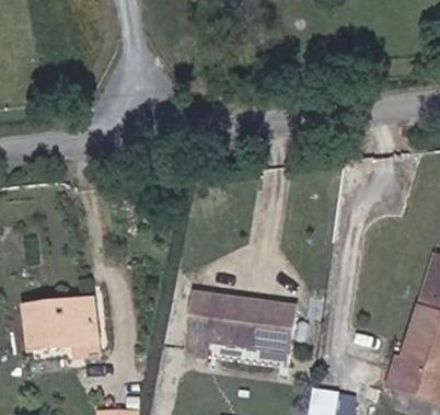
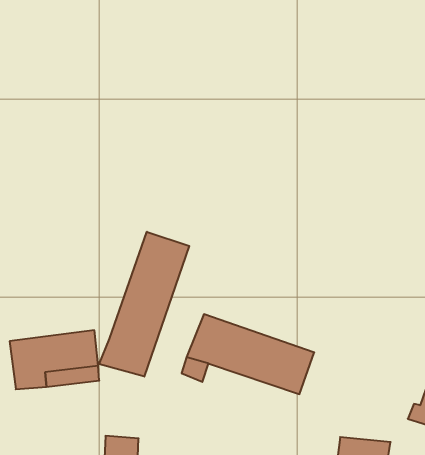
building: none -> [99,232,189,377]

